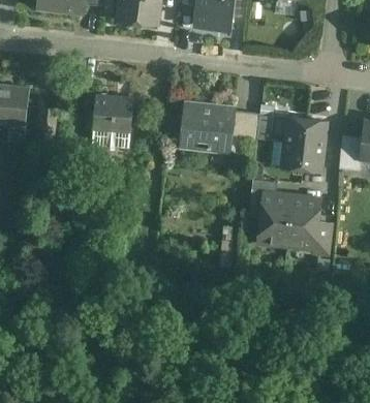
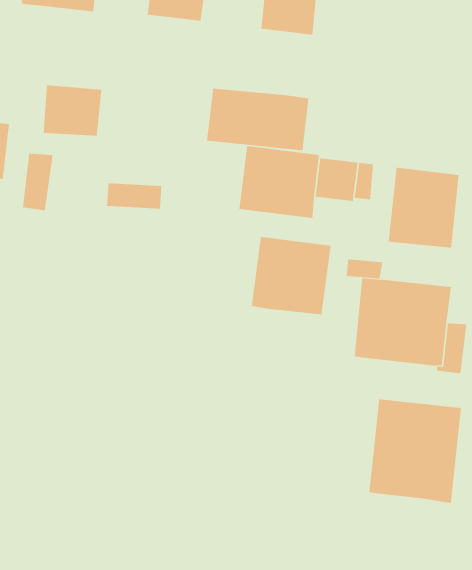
building: none -> [206,88,309,151]
building: [93,95,132,129] -> [43,85,102,136]
building: none -> [251,236,331,315]
building: none -> [369,398,462,504]

